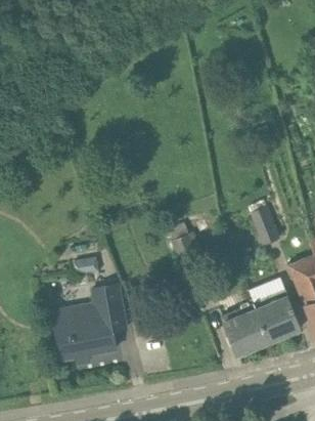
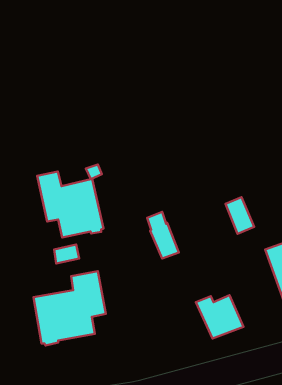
building: none -> [37,171,103,238]
building: [255,290,301,342] -> none

